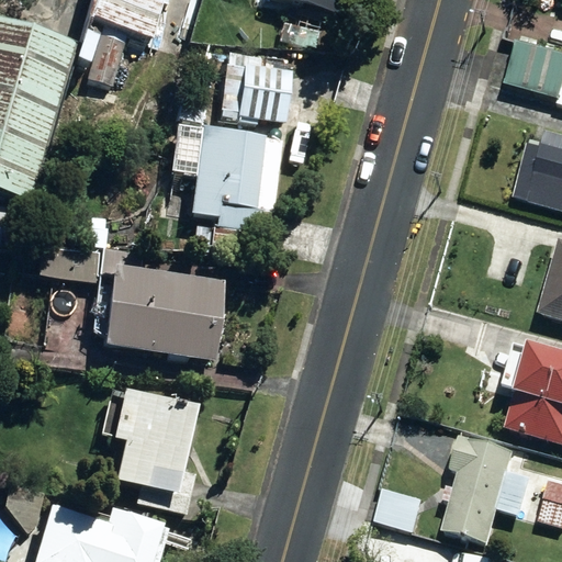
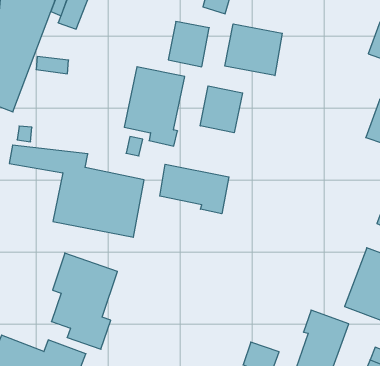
building: none -> [225,24,282,76]
building: none -> [200,86,243,133]
building: none -> [160,164,229,214]

